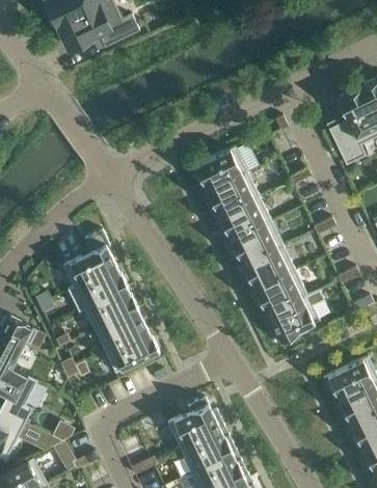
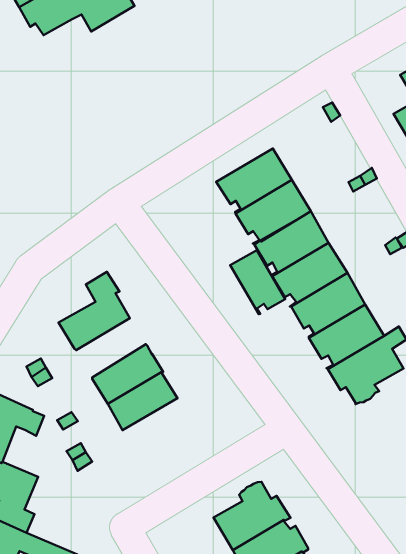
building: none -> [230,250,285,314]
building: [68,266,128,311] -> none
building: [104,329,159,373] -> none

